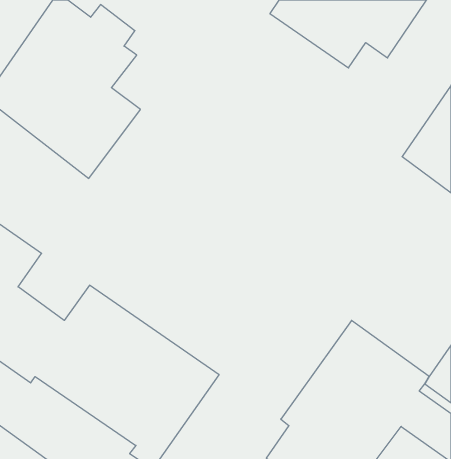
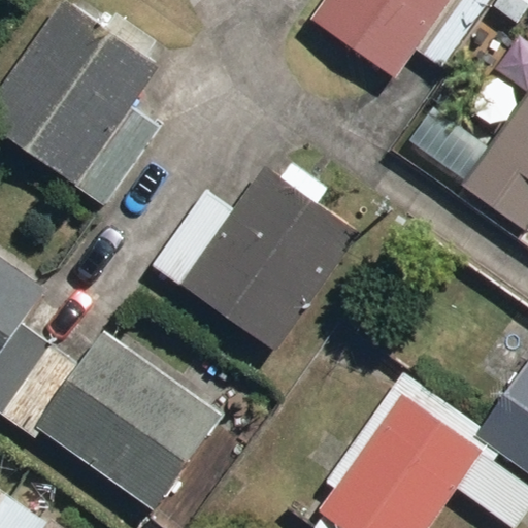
building: none -> [147,159,358,351]

